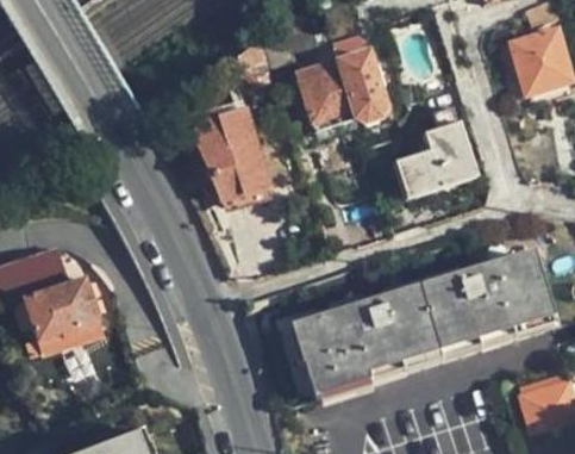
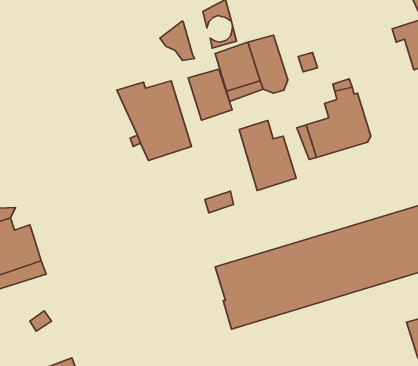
building: none -> [188,69,232,120]
building: none -> [239,121,296,190]

